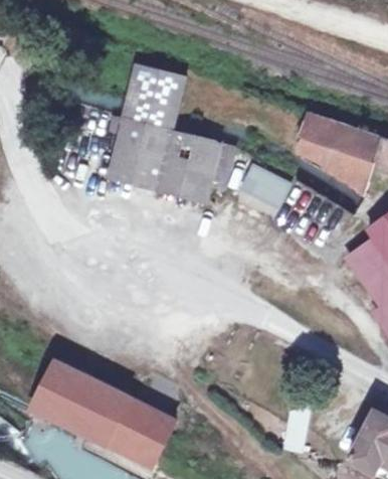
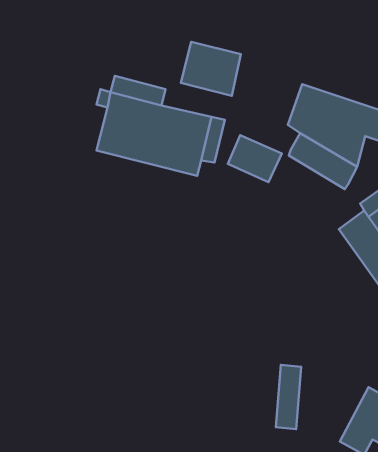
building: [126,63,185,117] -> [181,42,241,96]
building: [27,358,175,470] -> none

